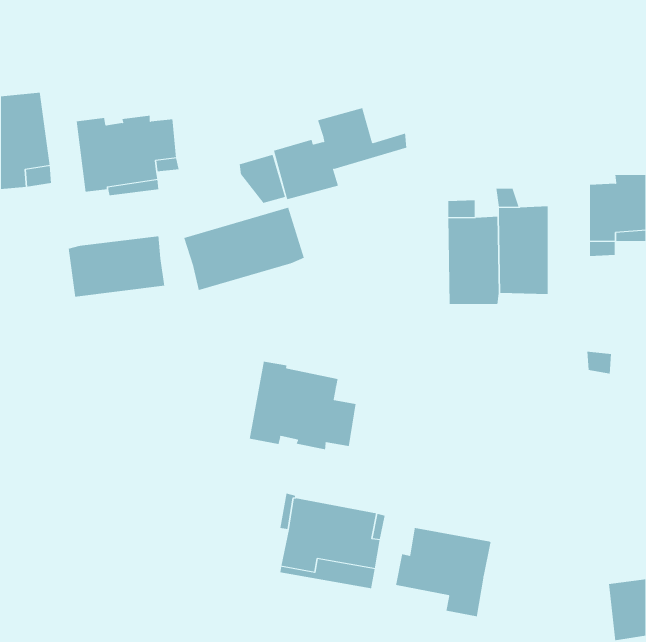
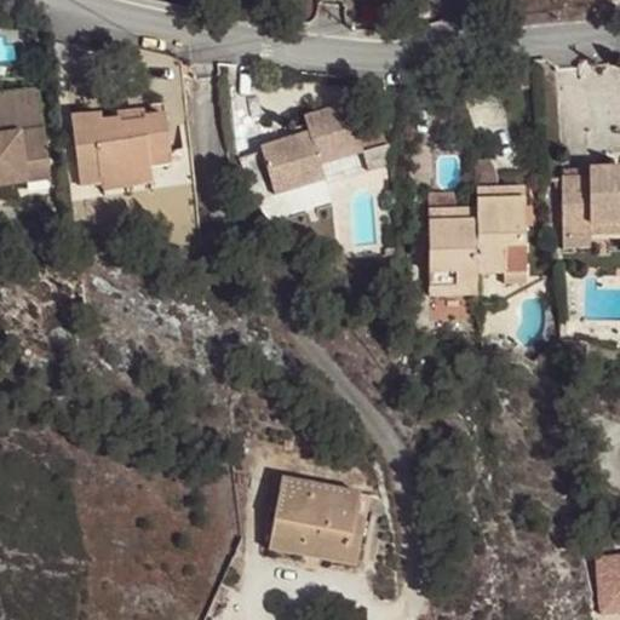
building: [184,207,305,291] -> none
building: [68,235,165,297] -> none
building: [249,361,356,450] -> none
building: [396,527,491,617] -> none

